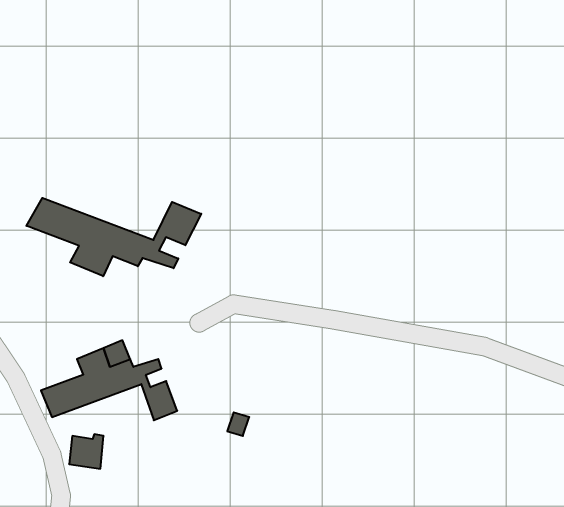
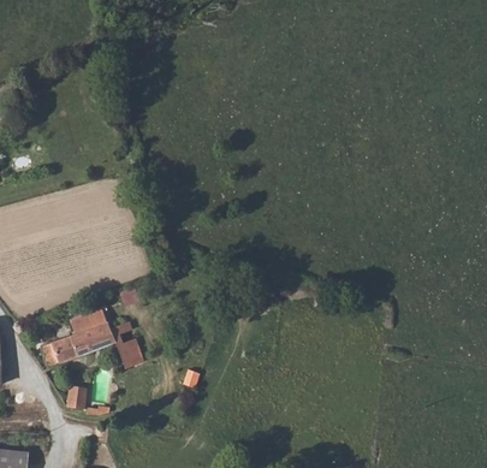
building: [26,198,201,276] -> none

